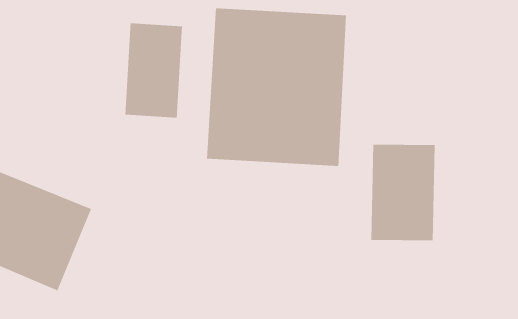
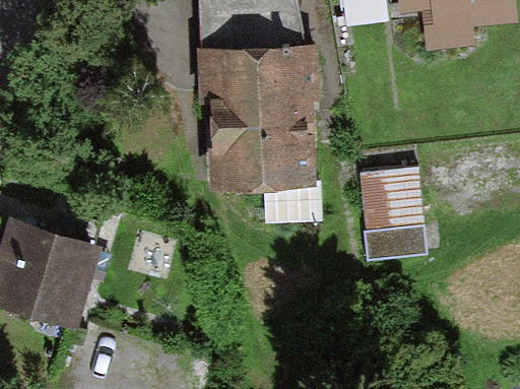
building: [125,22,182,119] -> none

